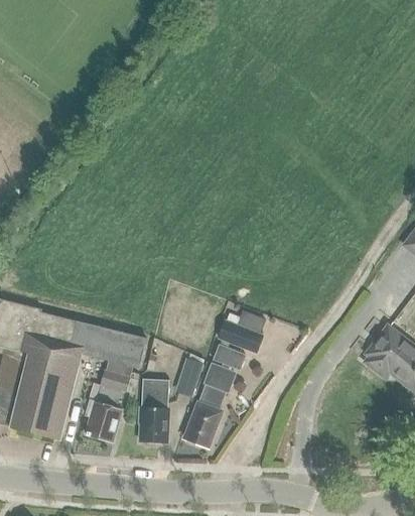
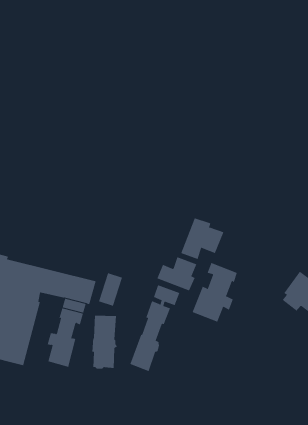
building: none -> [180,217,224,260]
building: none -> [192,262,238,322]
building: [173,357,202,397] -> [98,273,123,306]

